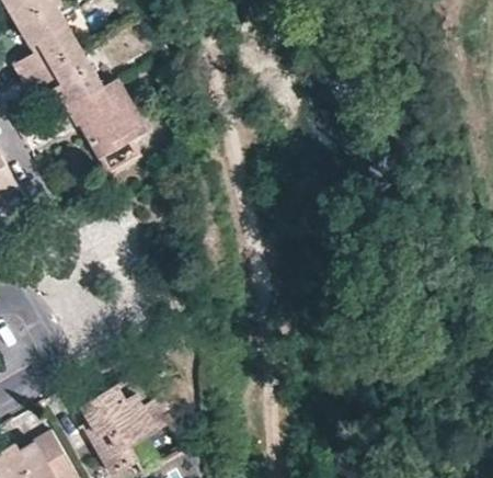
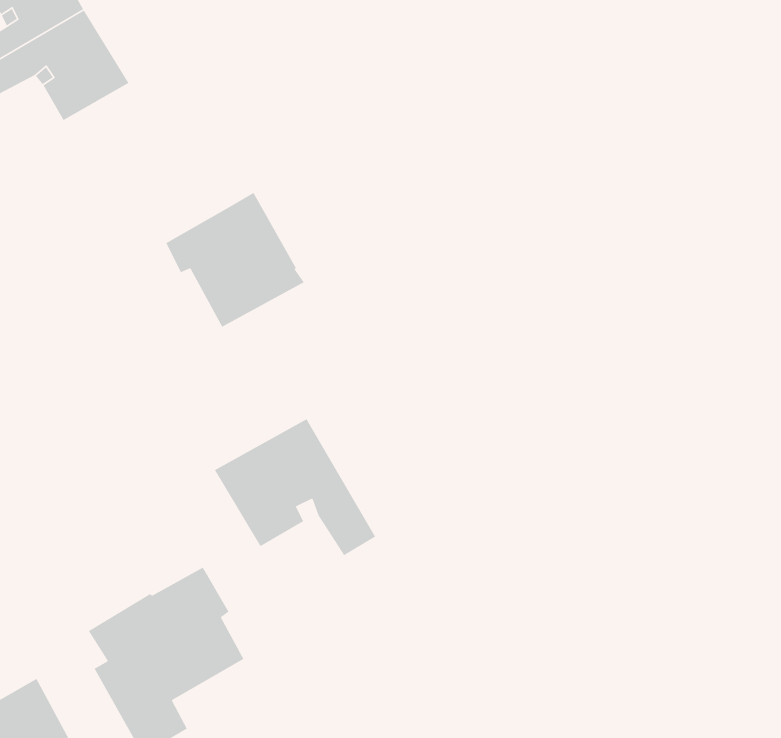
building: [66,79,147,158] -> [165,192,305,328]
building: none -> [214,418,376,556]

